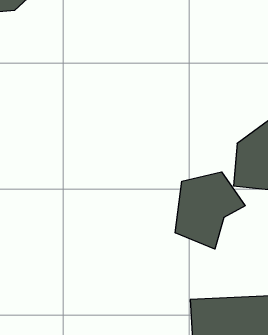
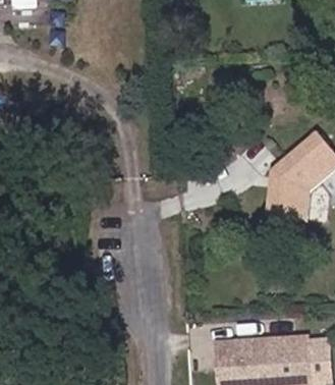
building: [175,172,245,249] -> none

